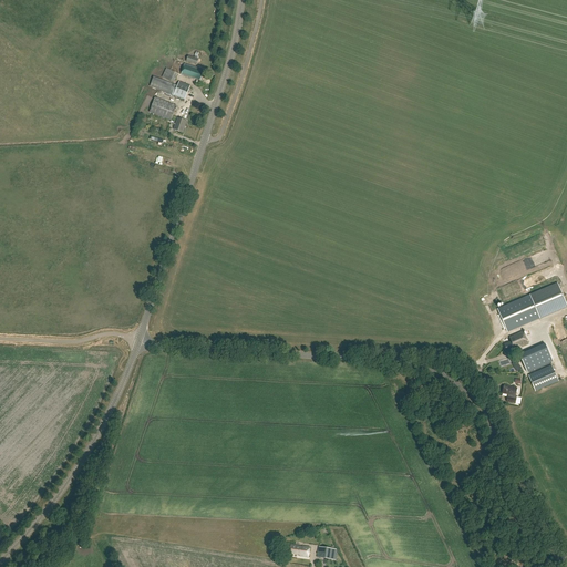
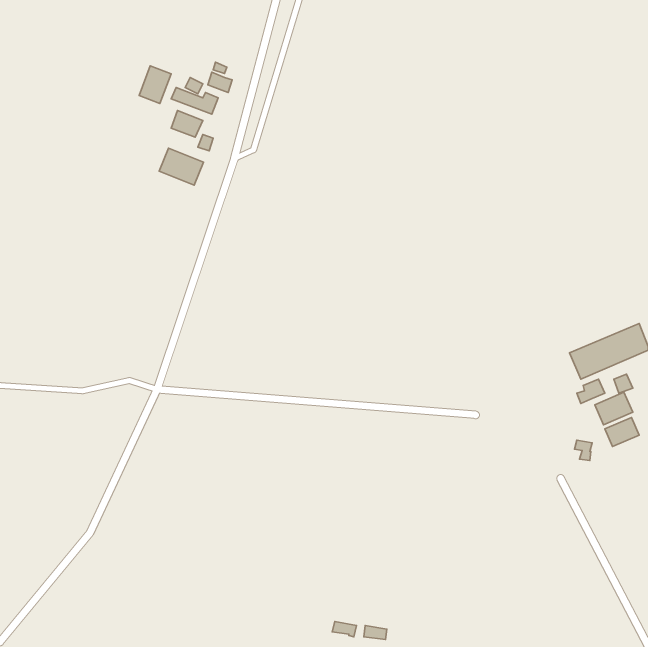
building: none -> [139,66,171,104]
building: none -> [159,148,204,185]

